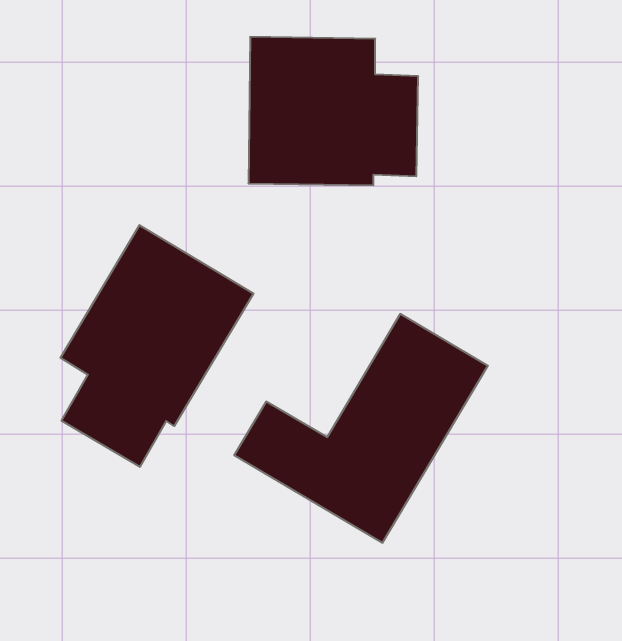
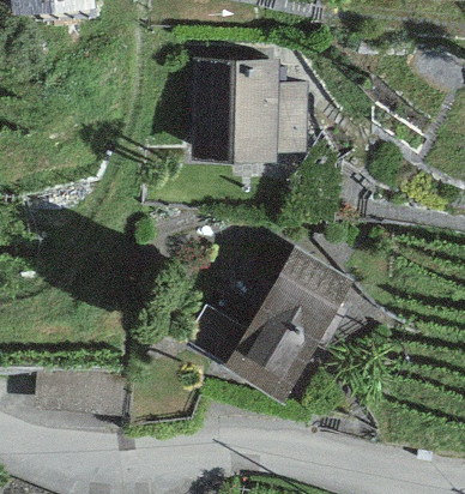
building: [60,225,253,467] -> none

